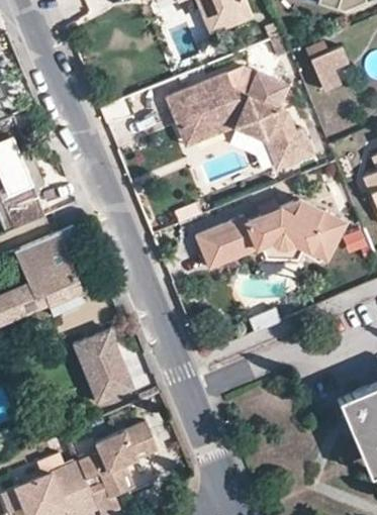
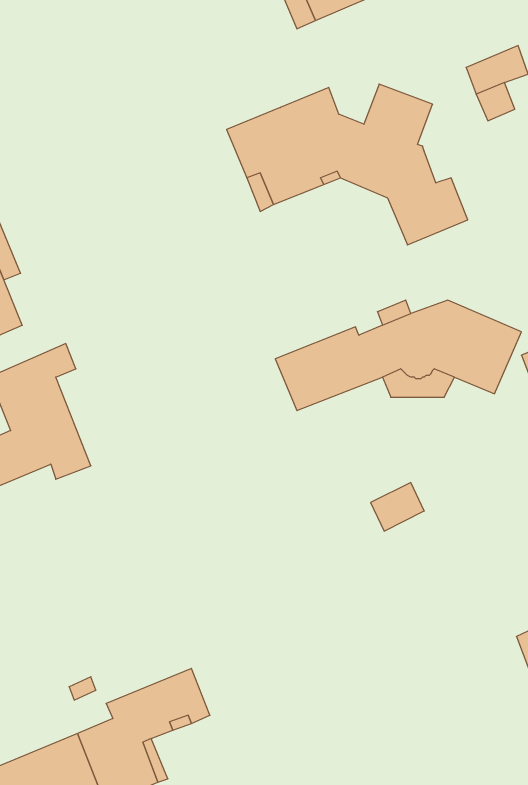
building: [72,329,130,402] -> none

